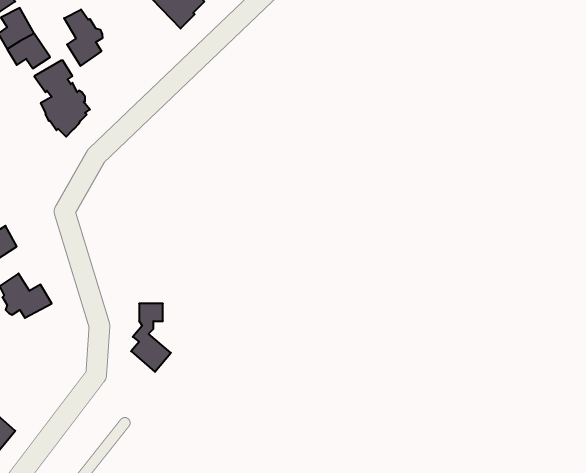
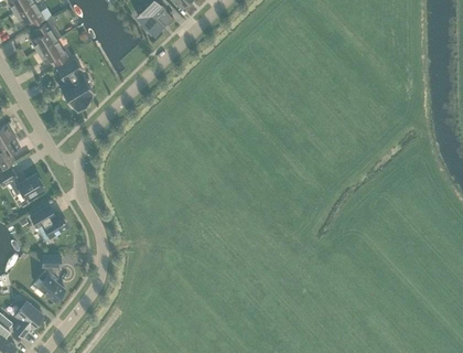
building: [64,9,102,66] -> none
building: [131,304,171,372] -> [37,255,65,302]

